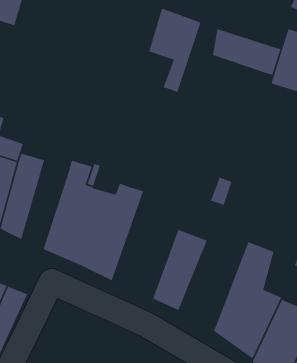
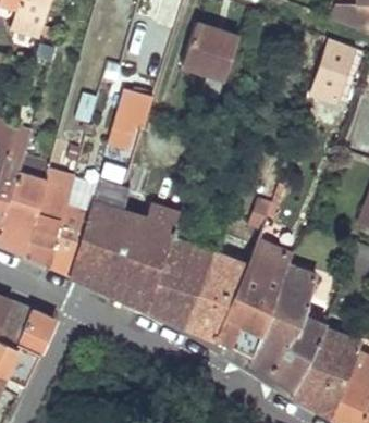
building: [212,28,281,76] -> none
building: none -> [112,86,152,133]
building: none -> [47,182,96,274]
building: none -> [143,212,212,326]
building: none -> [213,239,291,356]

